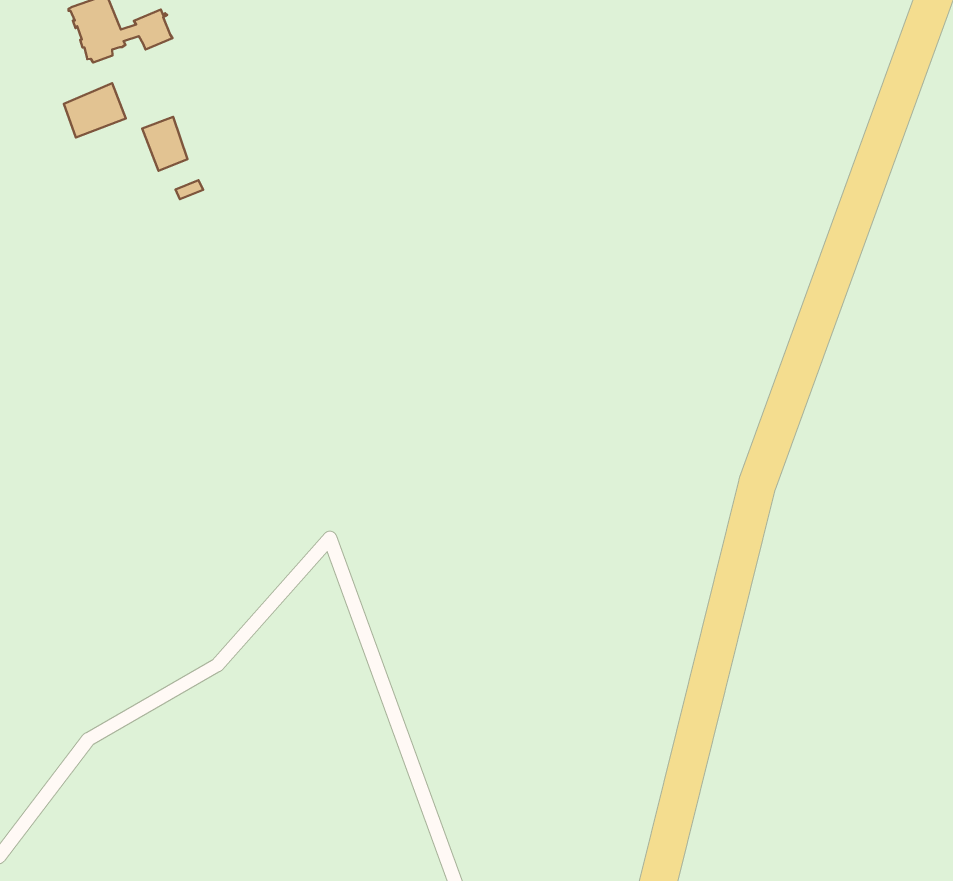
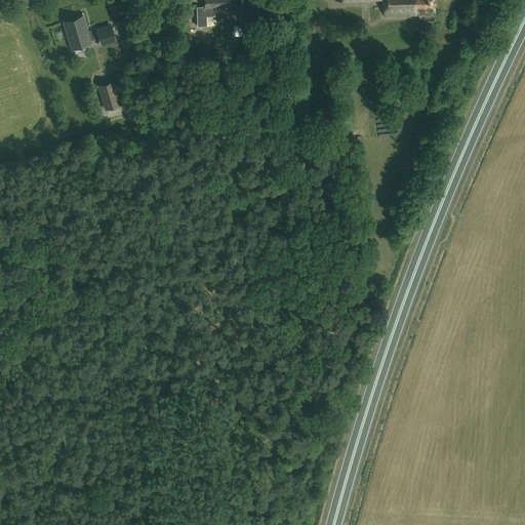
building: [64,83,126,137] -> none

